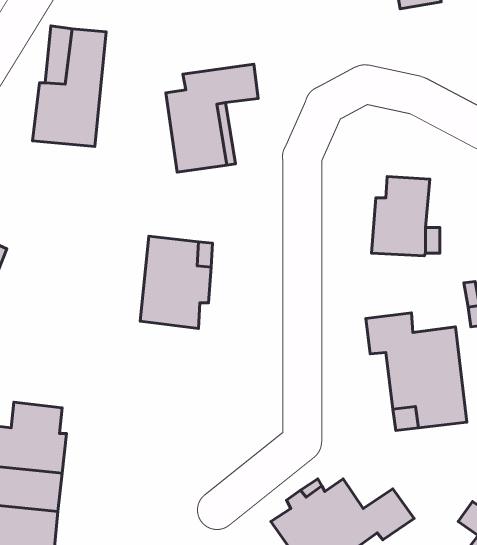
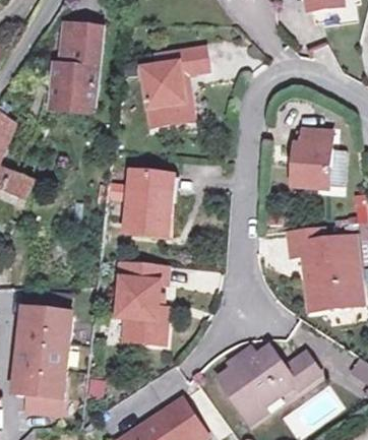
building: none -> [116,262,166,344]

